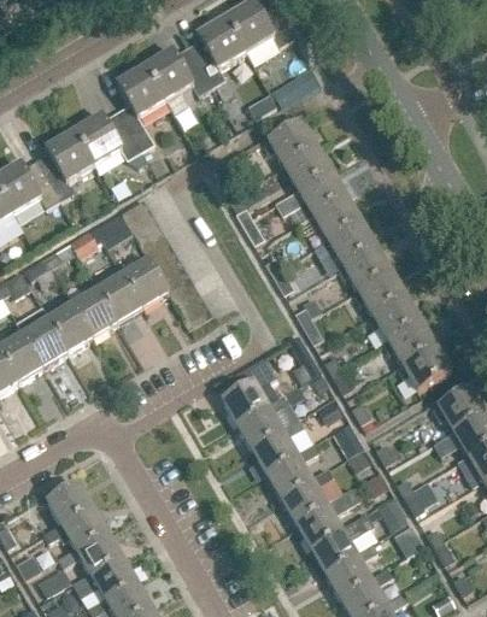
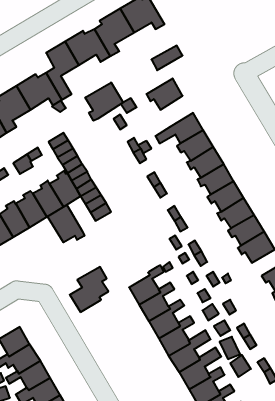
building: none -> [85,82,123,121]
building: [278,145,333,190] -> none
building: none -> [47,205,84,242]
building: [223,359,280,425] -> [70,267,108,312]

